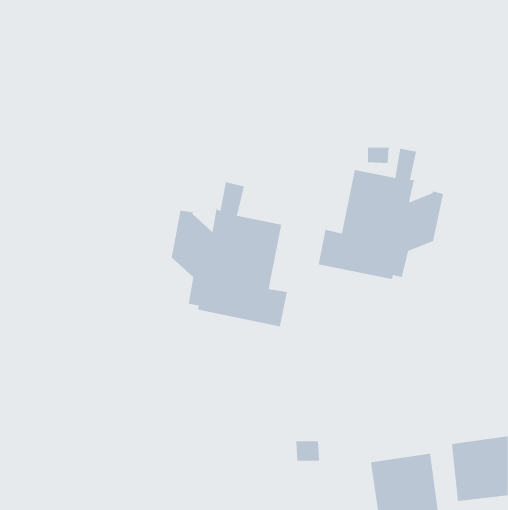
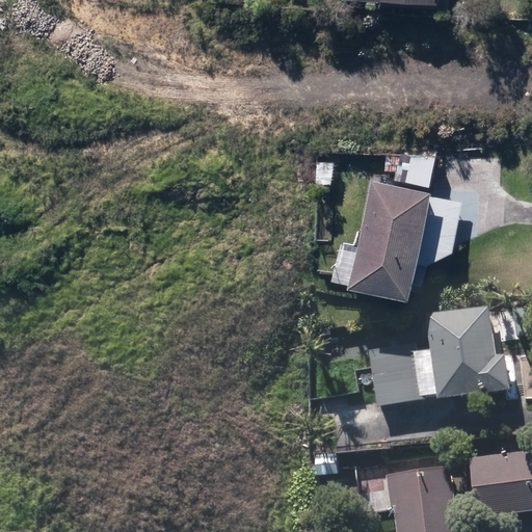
building: [171,182,287,327] -> none
building: none -> [369,307,509,405]

